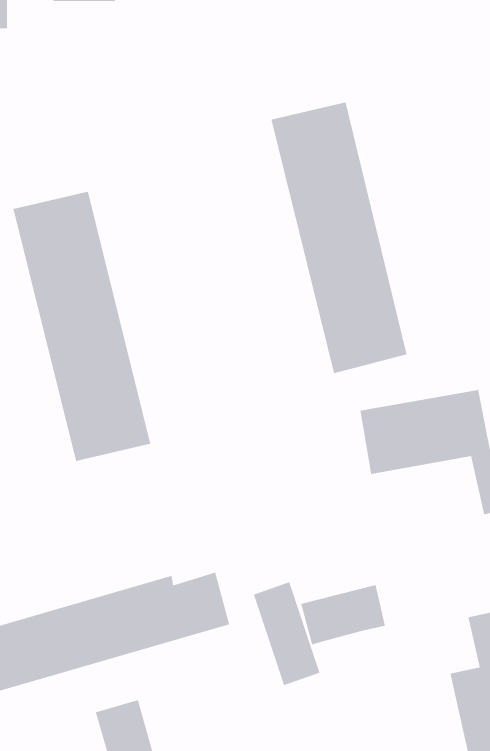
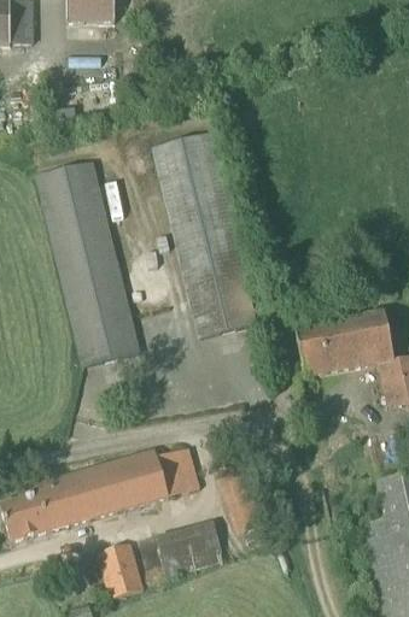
building: [270,102,408,374] -> [152,133,255,336]
building: [300,584,386,645] -> [158,527,222,572]

